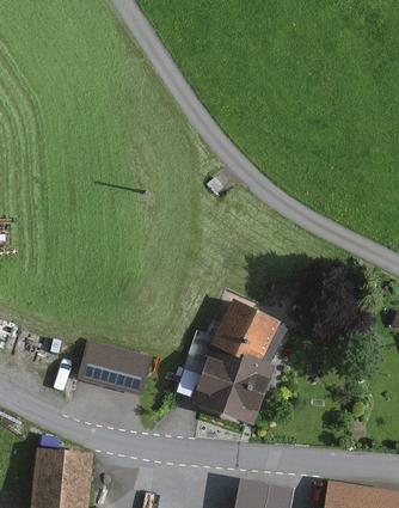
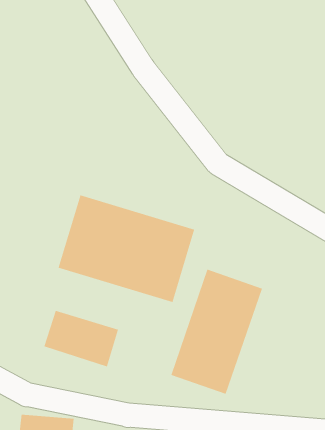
building: none -> [58,194,195,303]

